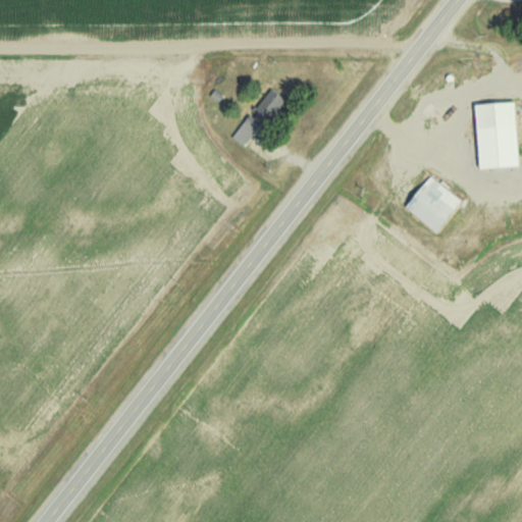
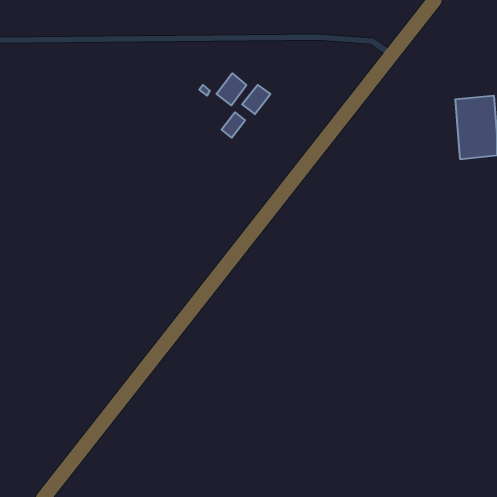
building: none -> [216,73,246,105]
building: [408,177,460,230] -> none

